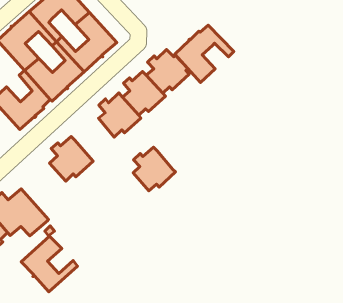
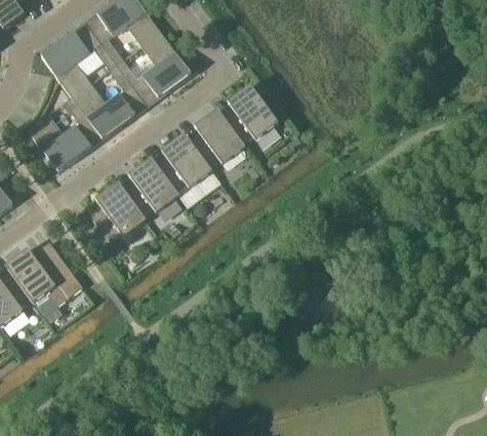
building: [175,25,234,82] -> none
building: [133,147,175,191] -> [125,162,178,216]
building: [21,236,77,292] -> none

